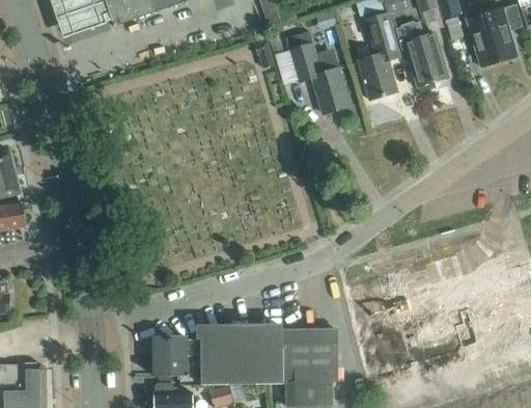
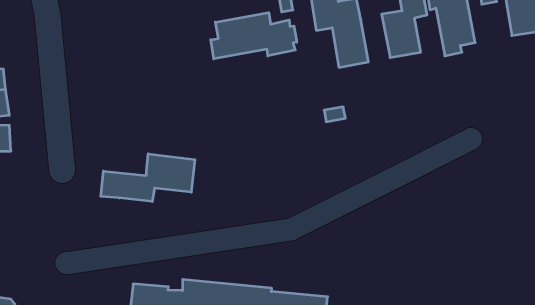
building: none -> [211,13,297,59]
building: none -> [101,154,195,202]

